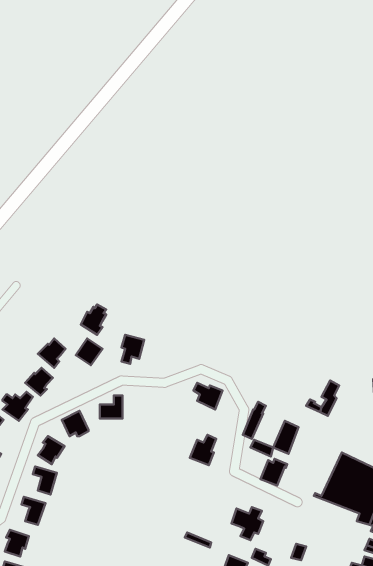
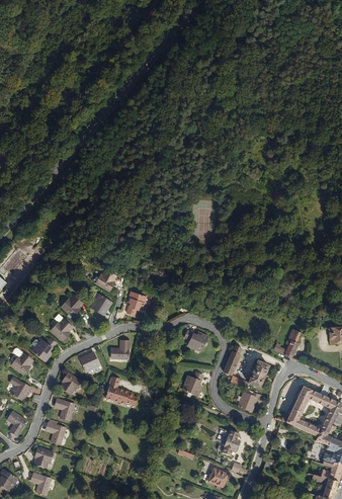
building: none -> [105,378,138,405]

